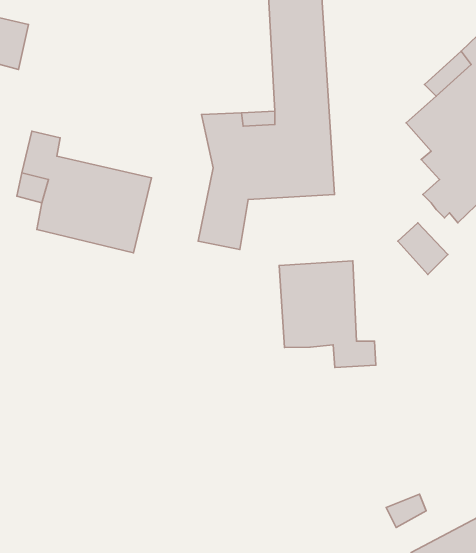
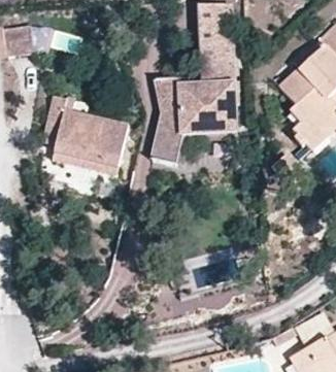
building: [279,261,376,368] -> none

